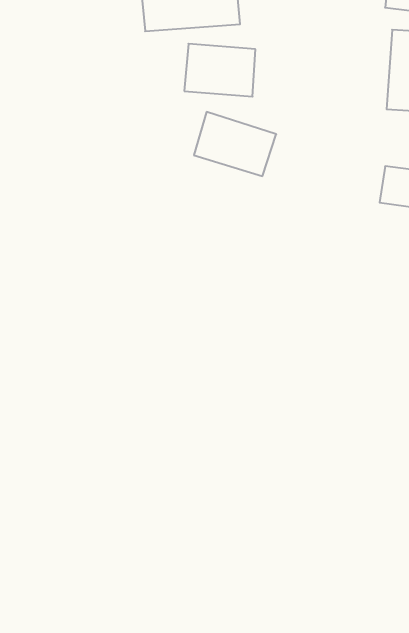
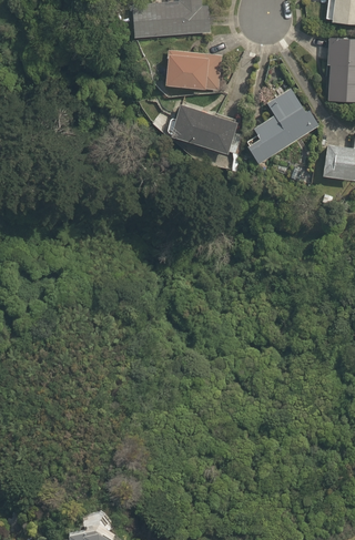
building: none -> [244,88,321,164]

